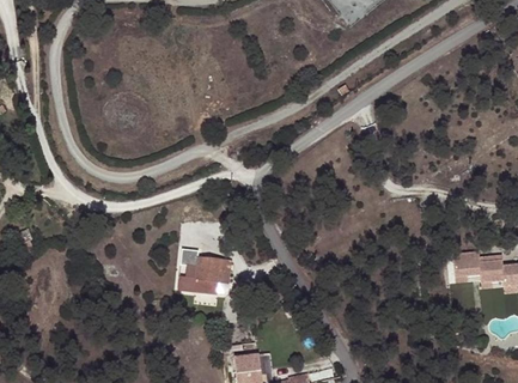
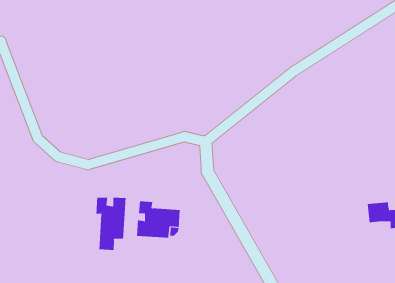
building: none -> [96,197,126,251]

